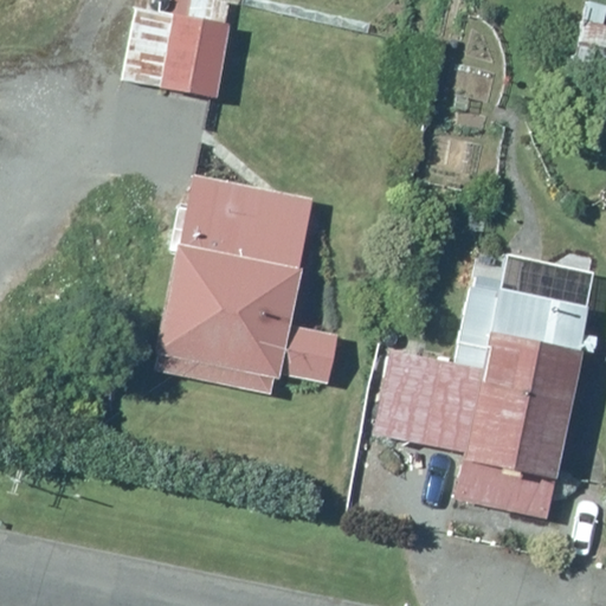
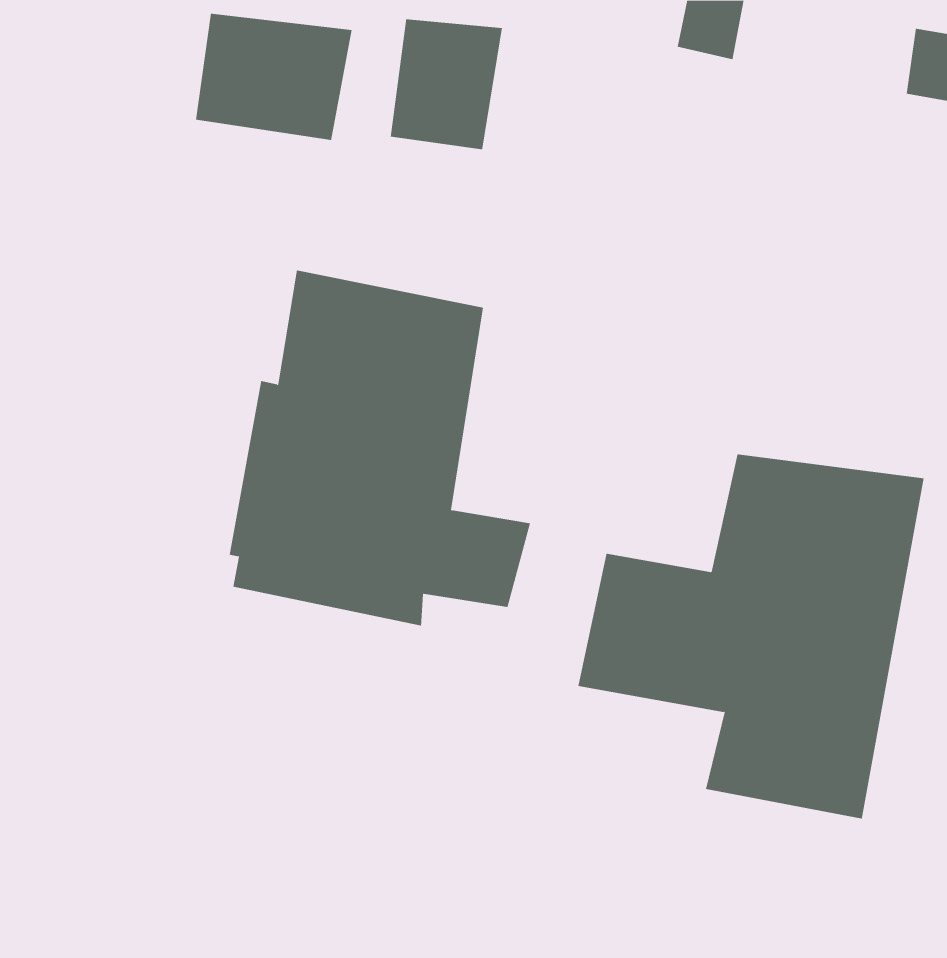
building: none -> [390,18,503,150]

